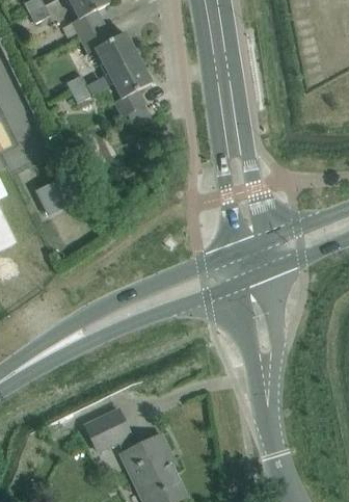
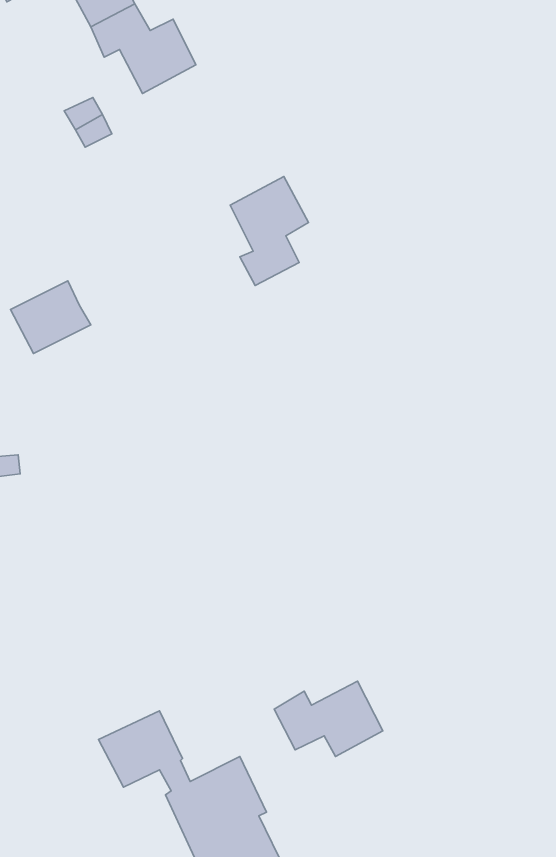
building: [108,57,151,116] -> [230,177,309,285]
building: none -> [274,681,383,756]

